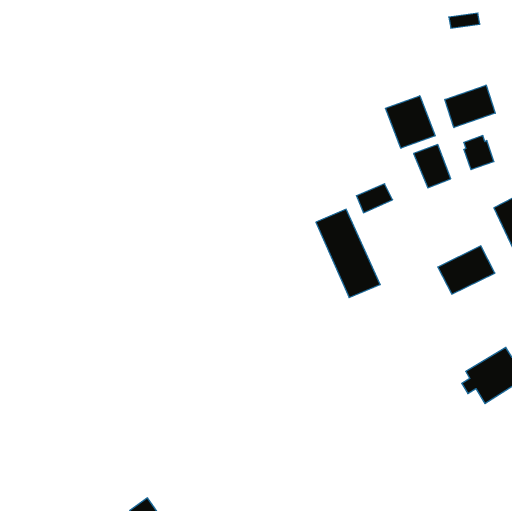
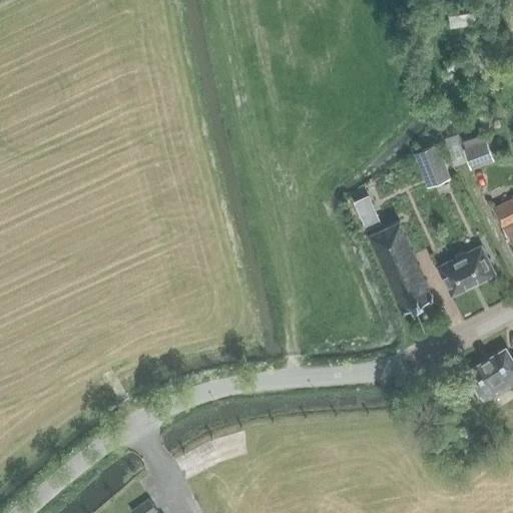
building: [445,85,495,128] -> none
building: [386,96,435,148] -> none
building: [316,209,380,298] -> [370,222,434,311]

